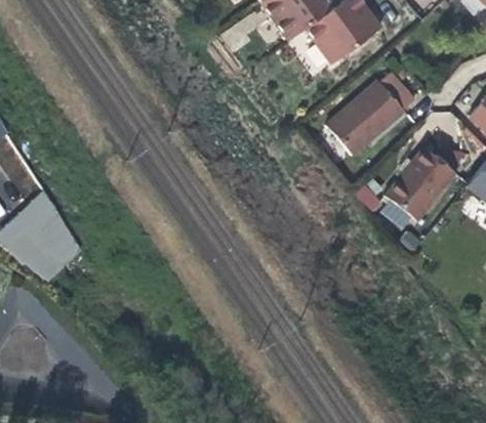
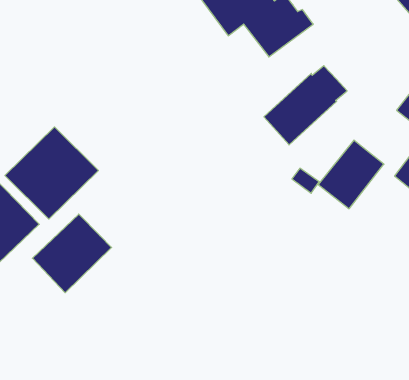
building: none -> [5,127,98,219]
building: none -> [32,214,112,293]

